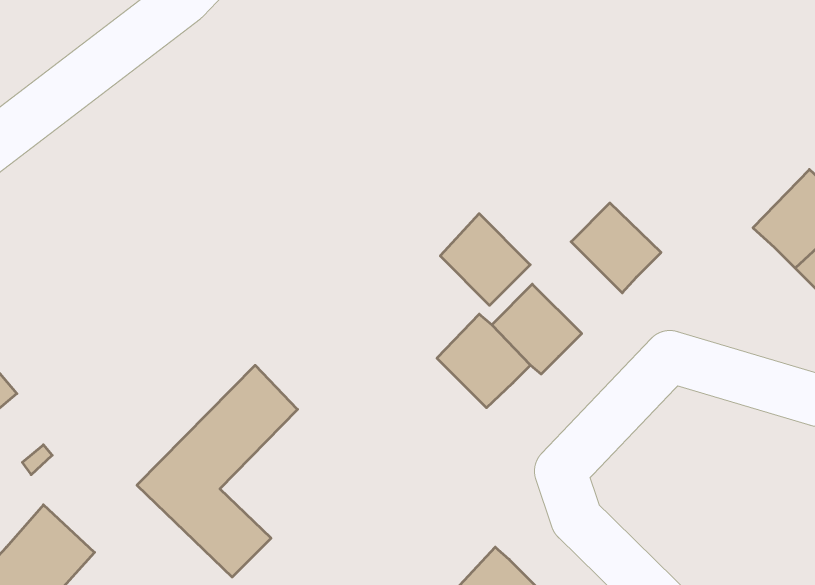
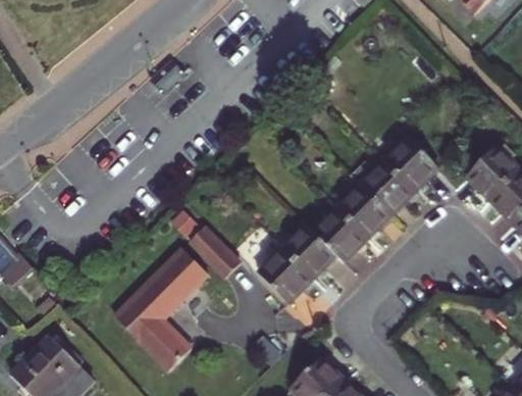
building: none -> [383,136,434,187]
building: [440,214,530,305] -> [338,181,390,234]
building: none -> [185,231,236,281]
building: none -> [259,248,312,301]

